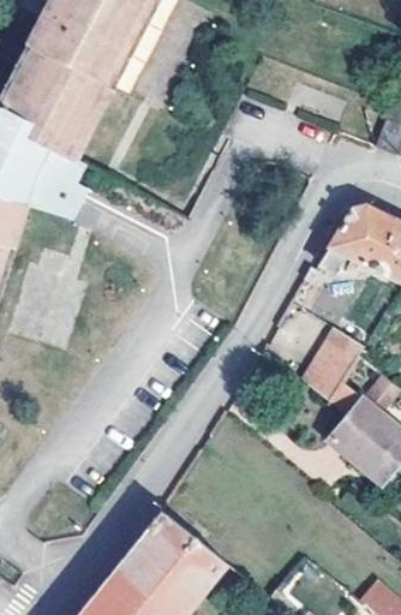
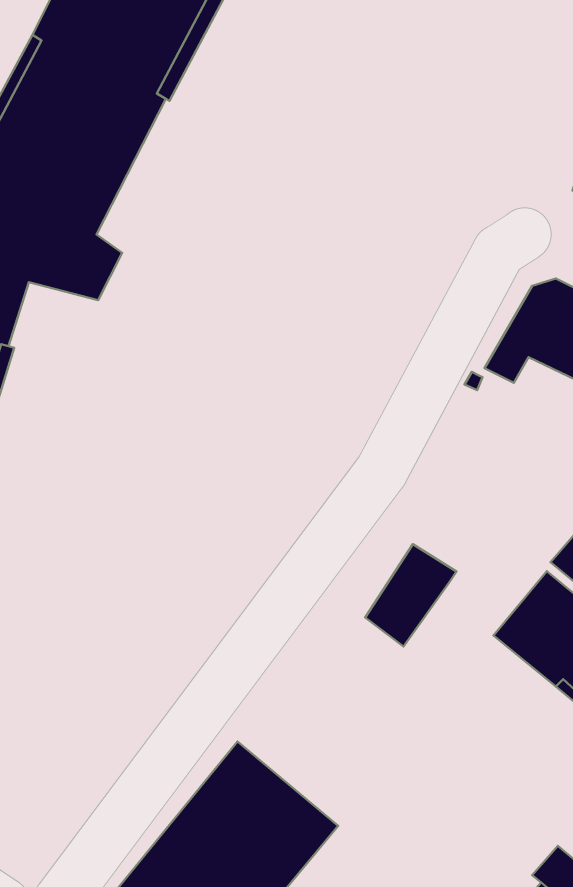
building: [306,330,366,398] -> [365,544,457,647]

